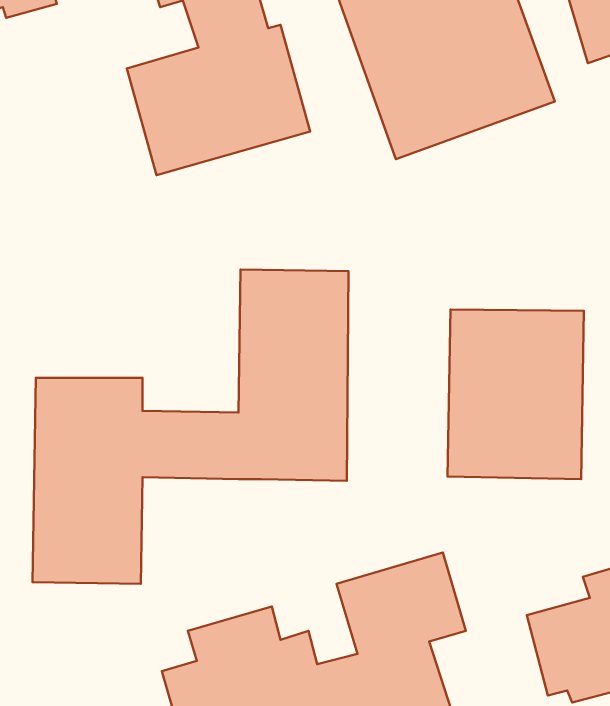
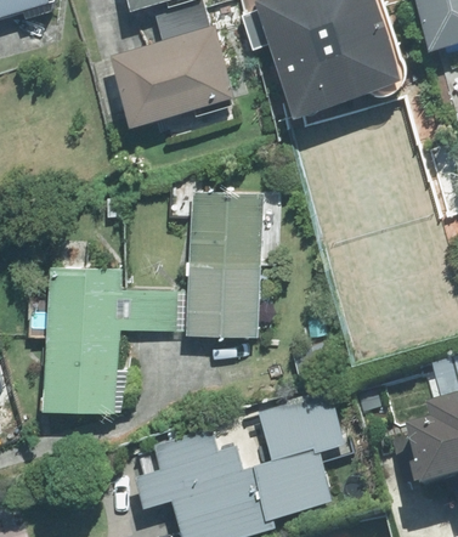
building: [448,309,584,479] -> none

